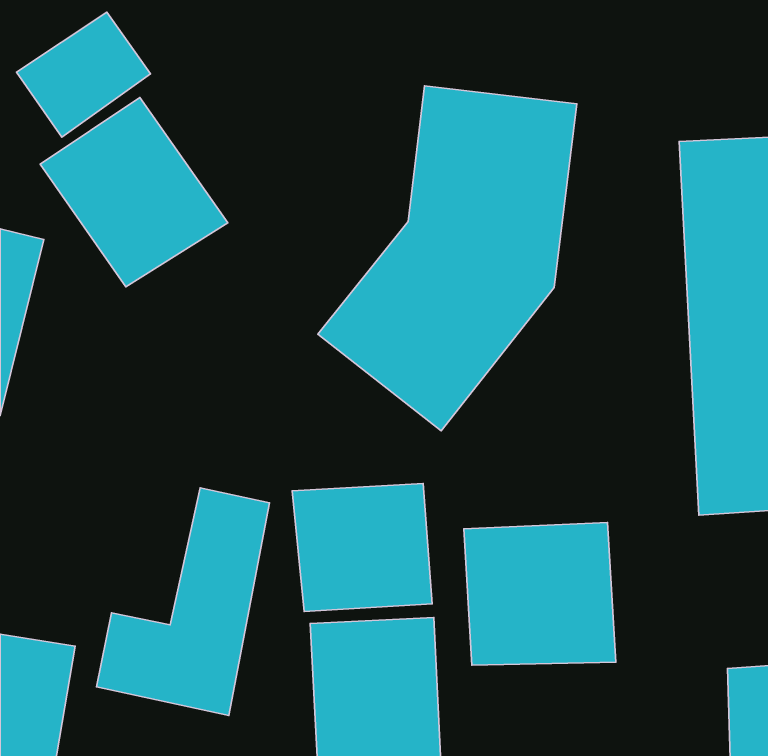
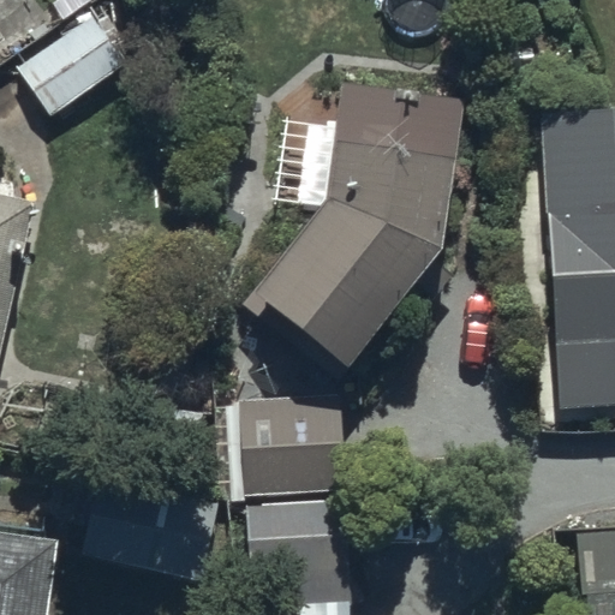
building: [40,97,228,287] -> none
building: [464,522,616,665] -> none

